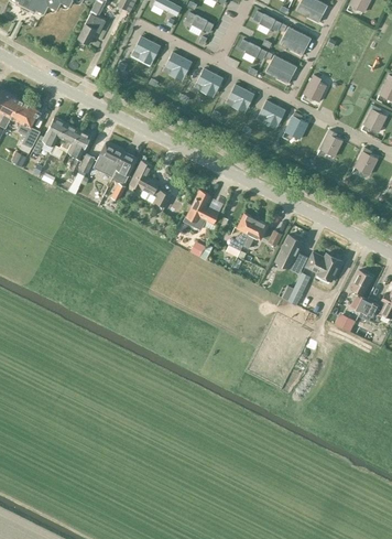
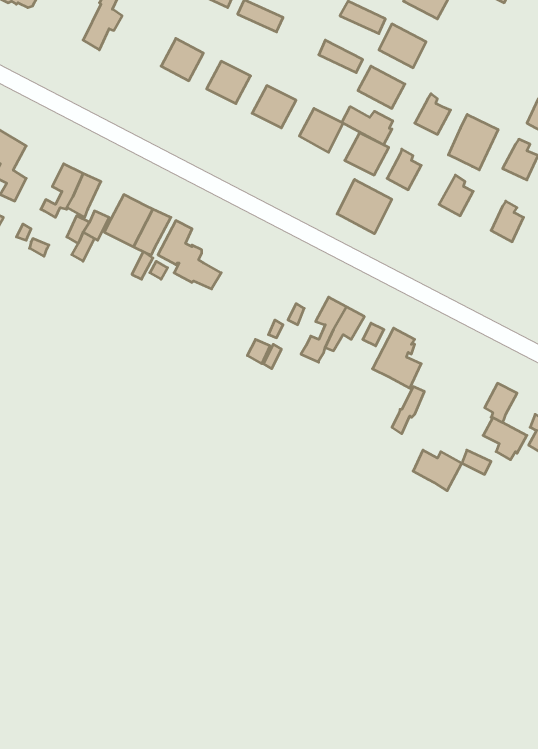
building: none -> [342,107,393,145]
building: none -> [448,114,498,170]
building: [32,117,65,154] -> none
building: none -> [337,179,392,234]
building: [183,190,219,229] -> none
building: [307,252,340,280] -> [413,450,462,491]

